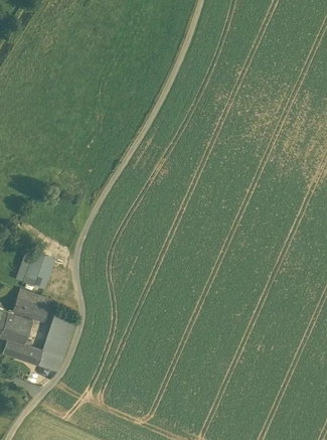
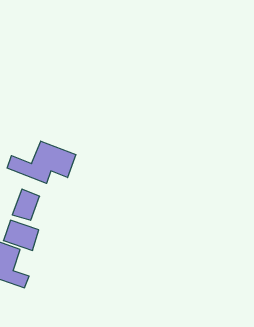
building: none -> [7,141,76,183]
building: [36,312,74,372] -> none

